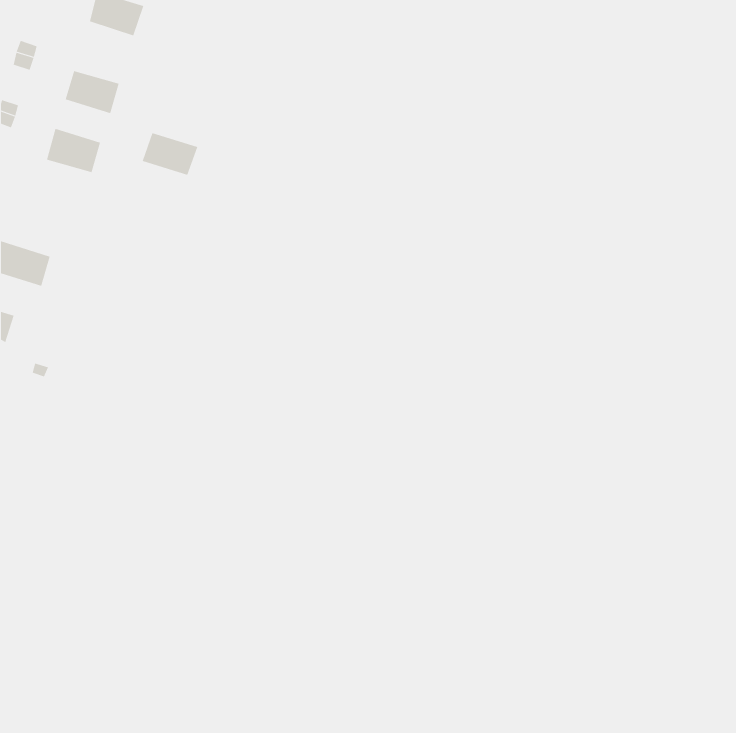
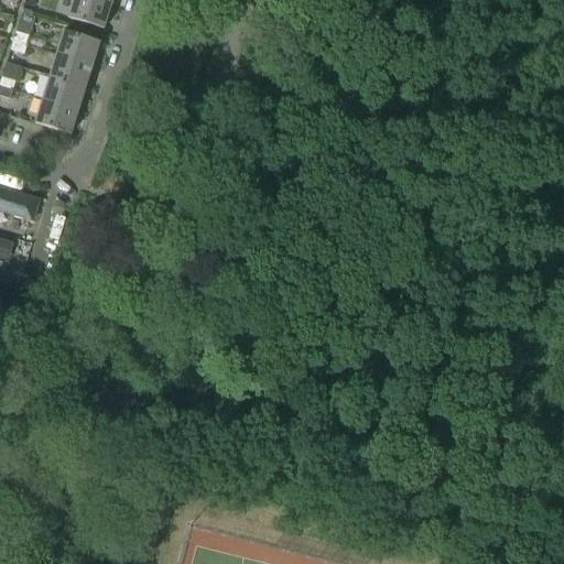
building: none -> [56,30,98,64]
building: [142,132,198,176] -> [42,76,85,109]

